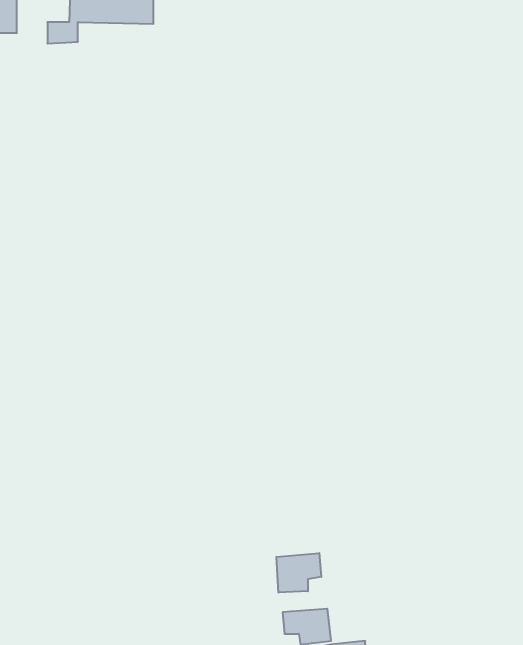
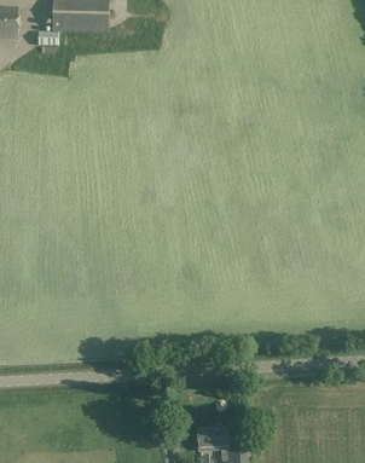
building: [277,553,321,593] -> none

